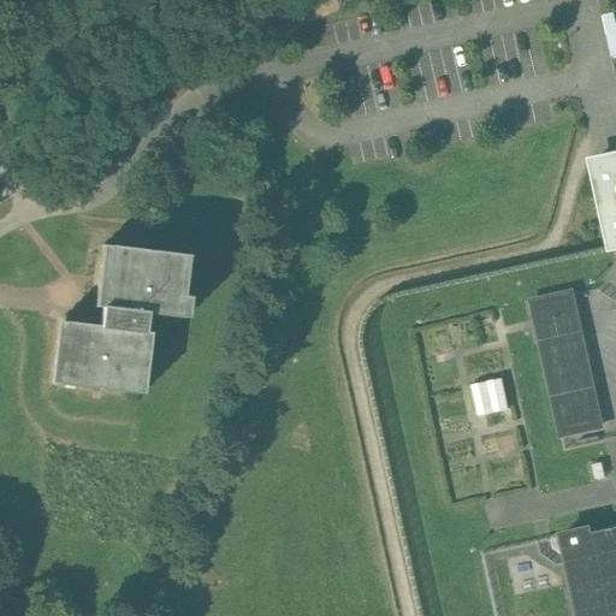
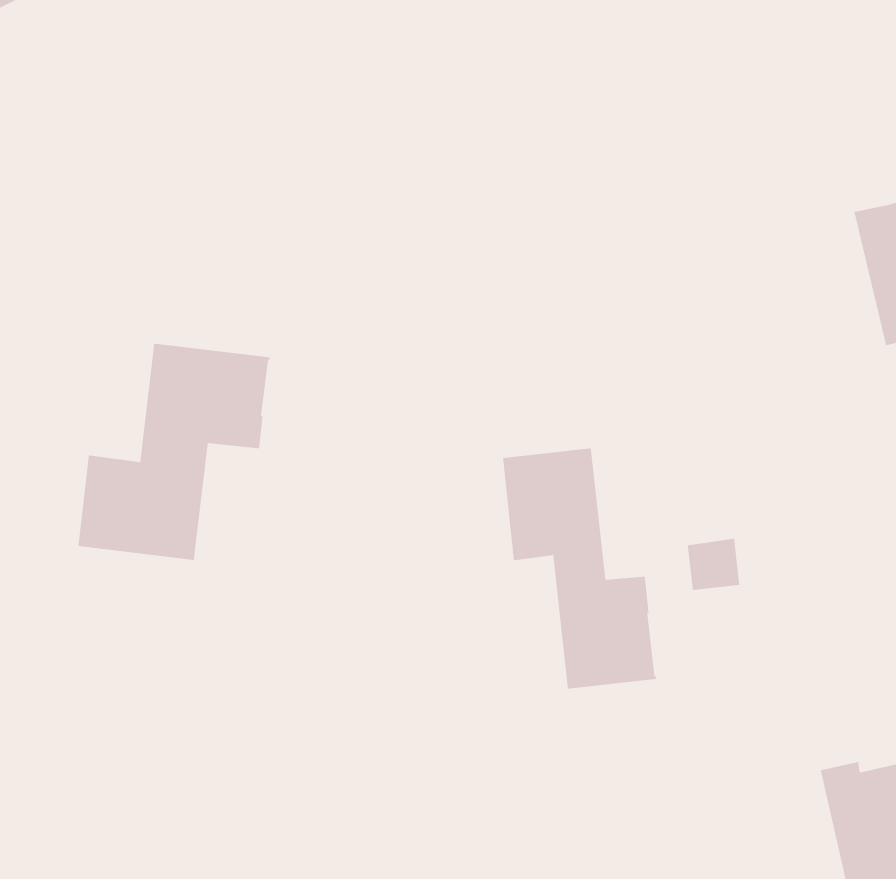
building: [533,292,600,434] -> none
building: none -> [502,448,657,690]

